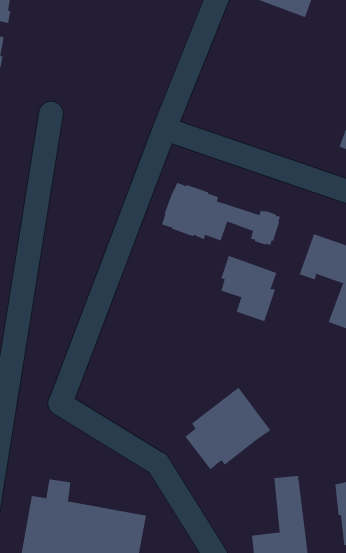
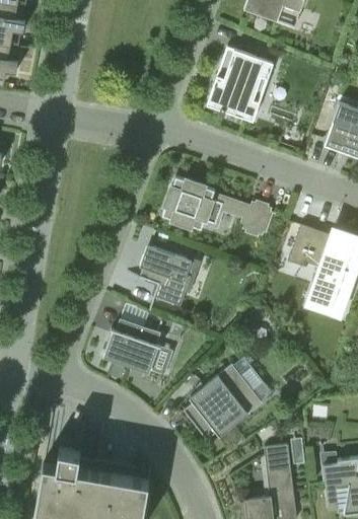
building: none -> [207,46,274,120]
building: [220,255,277,322] -> [140,244,192,305]
building: none -> [103,317,161,372]

